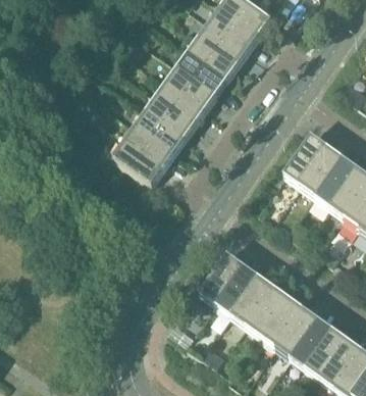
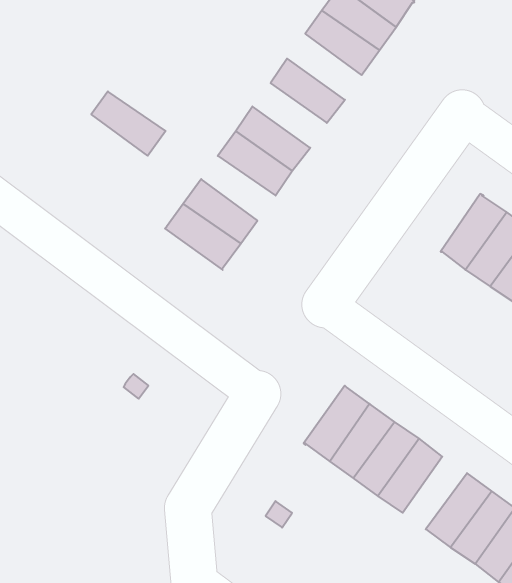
building: [191,36,237,77] -> none
building: [169,66,215,106] -> none
building: [138,111,184,151] -> [91,91,166,156]
building: [262,297,302,342] -> none

